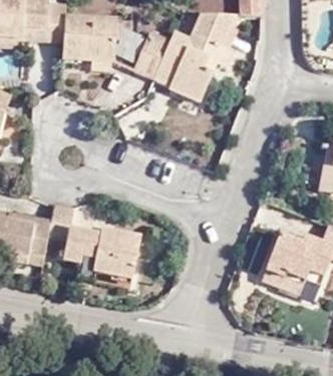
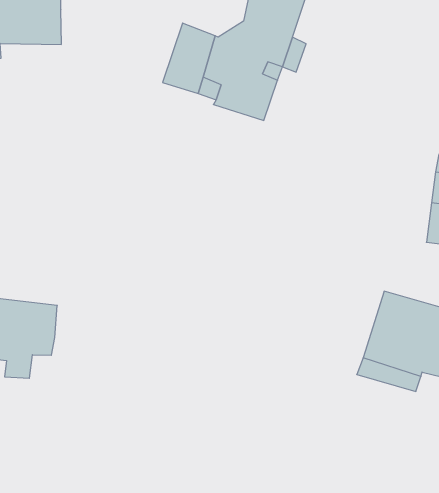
building: [68,17,122,62] -> none
building: [54,204,150,283] -> none

